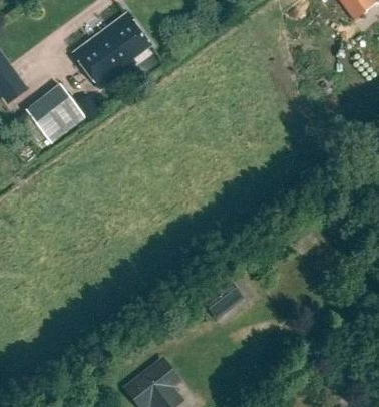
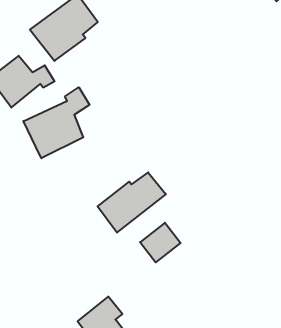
building: none -> [23,87,90,158]
building: none -> [98,172,166,233]

